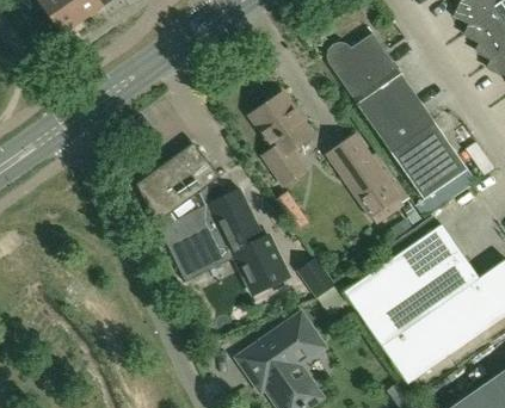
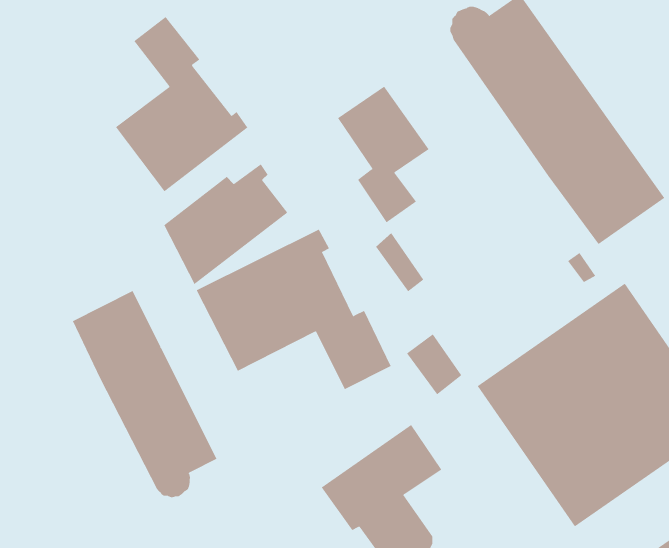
building: none -> [115,16,248,192]
building: [327,132,404,222] -> none
building: none -> [72,290,217,498]

